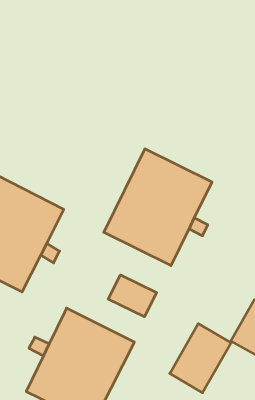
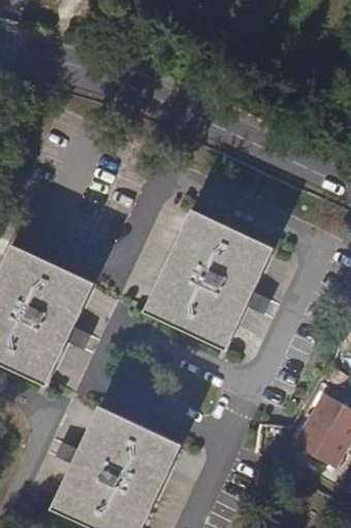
building: [108,275,157,317] -> none
building: [170,324,231,393] -> none

